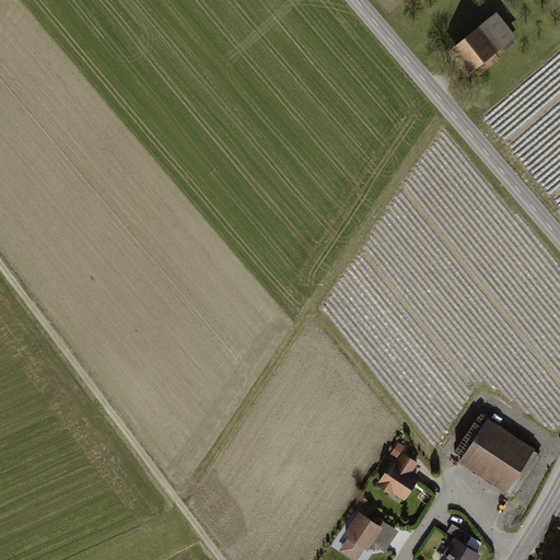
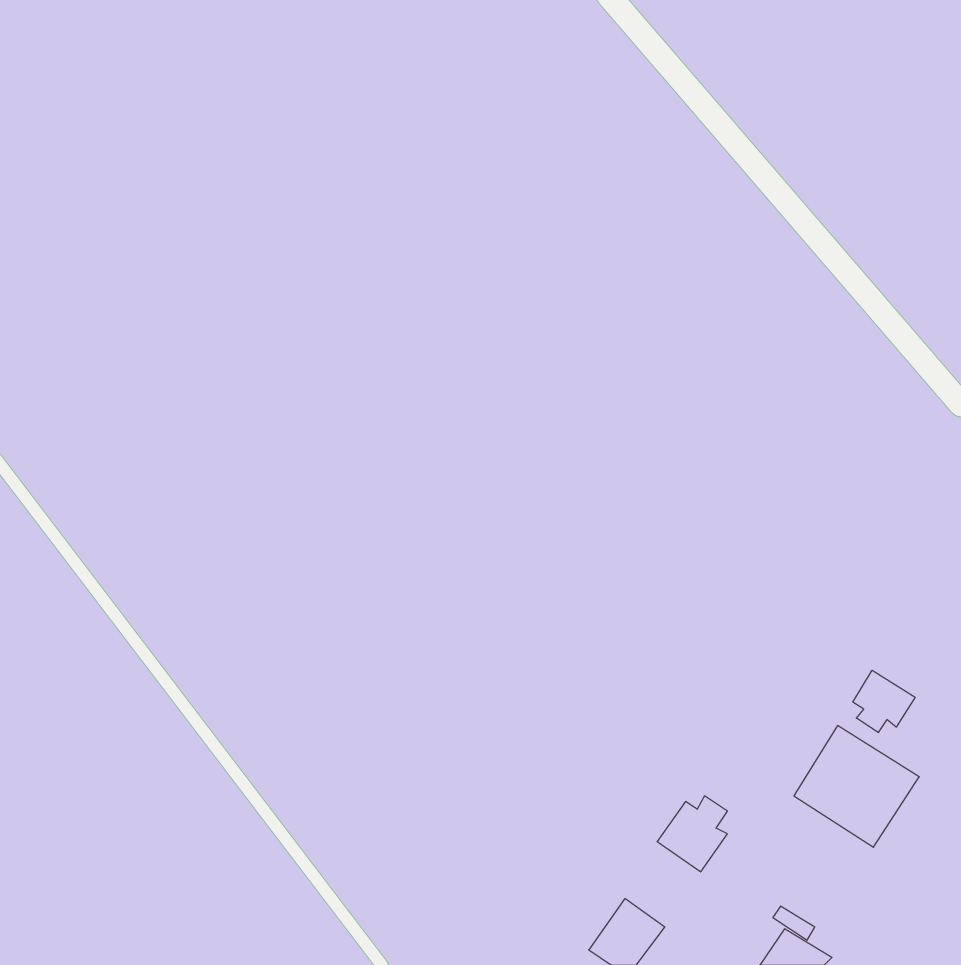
building: [446,15,515,79] -> none
building: none -> [853,670,915,733]

